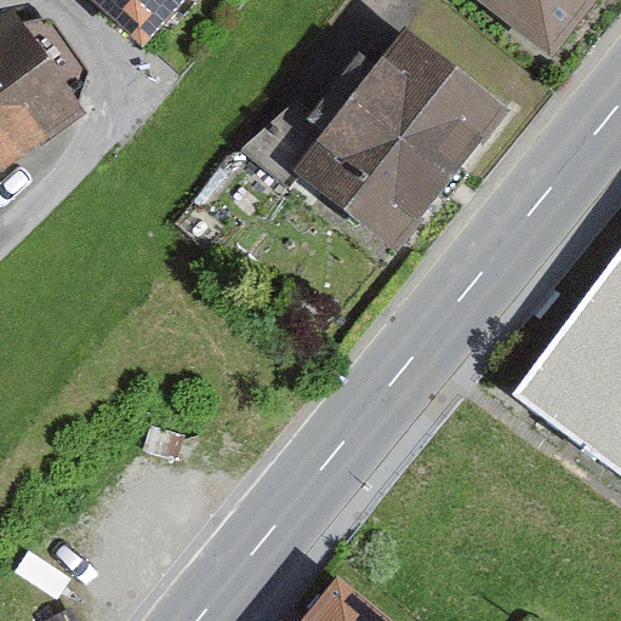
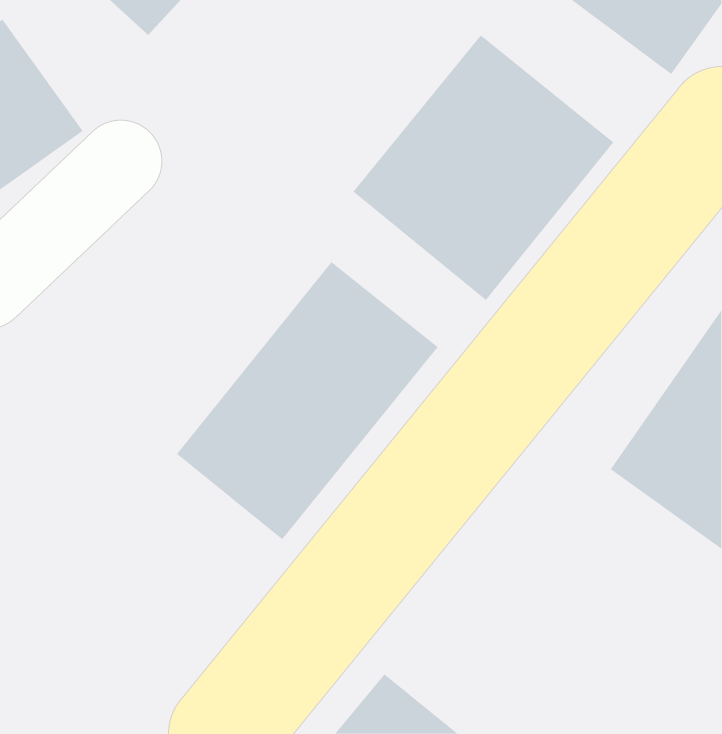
building: none -> [176,261,439,540]

